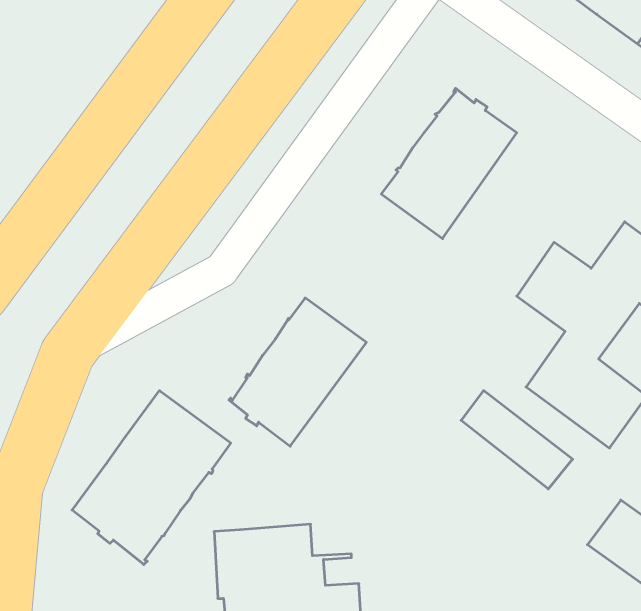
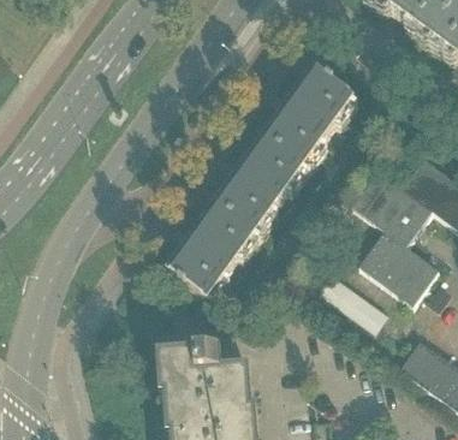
building: none -> [215,135,304,231]
building: [72,391,231,565] -> none

